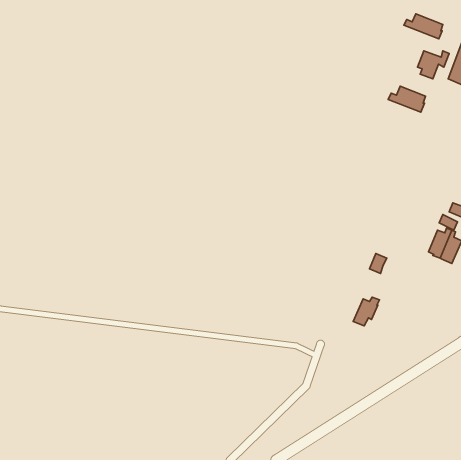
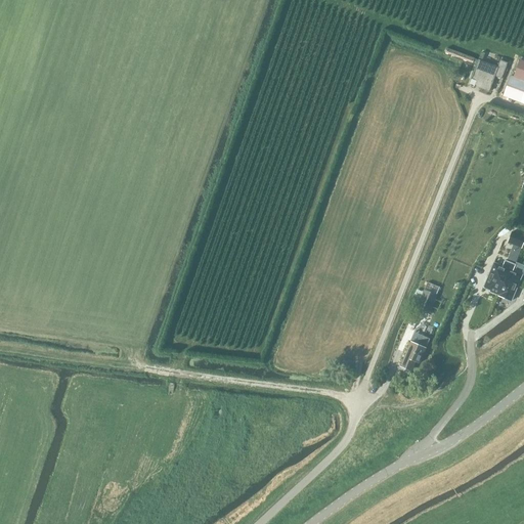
building: [404,14,443,39] -> none
building: [388,86,425,112] -> none

